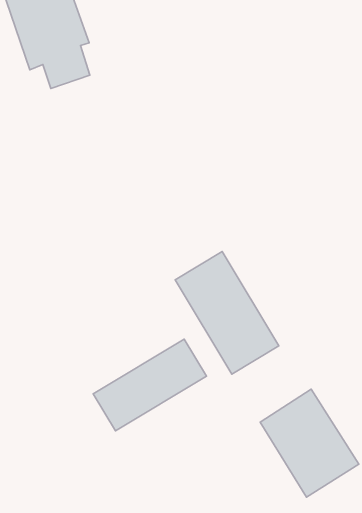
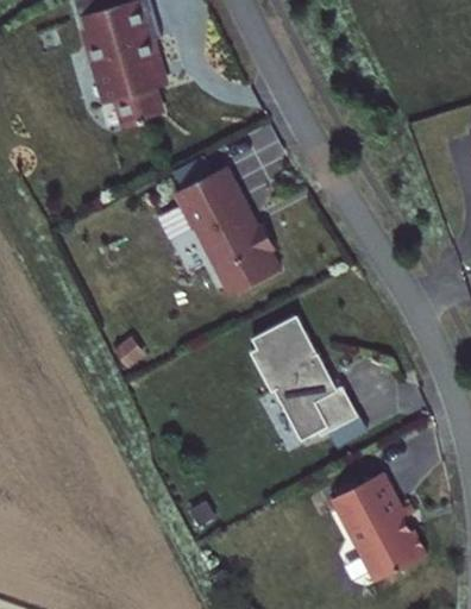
building: none -> [175,167,283,297]
building: [93,339,206,431] -> none

